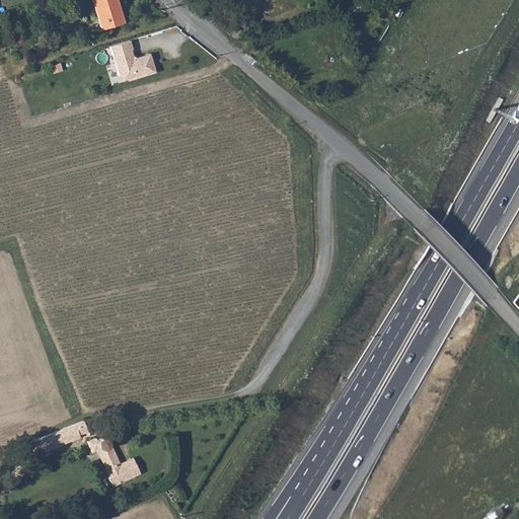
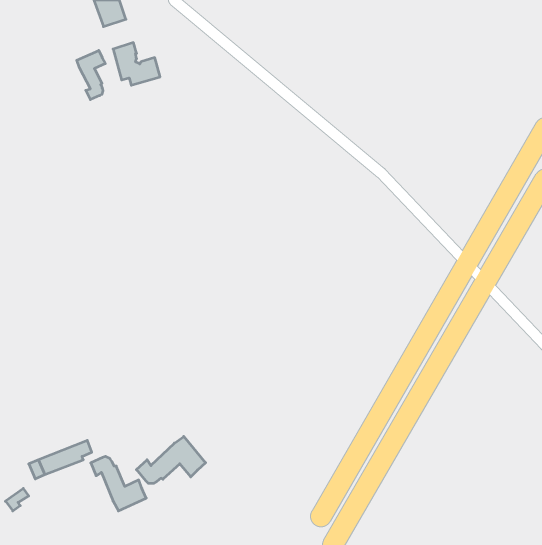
building: none -> [77,50,105,100]
building: none -> [136,436,206,483]

